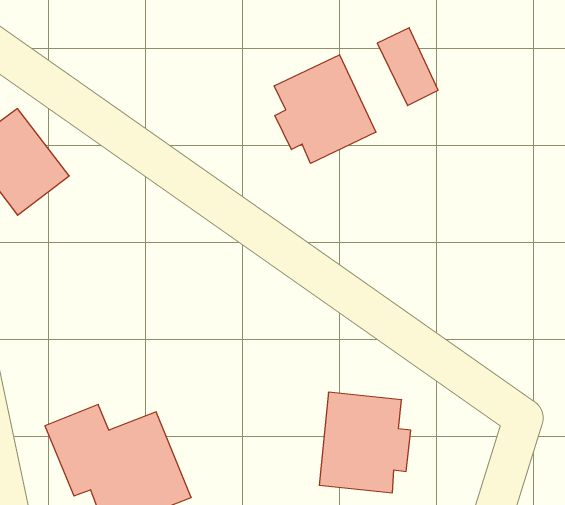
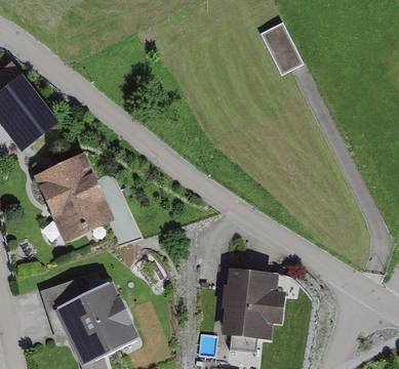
building: [274,55,376,163] -> none
building: none -> [37,156,115,243]

